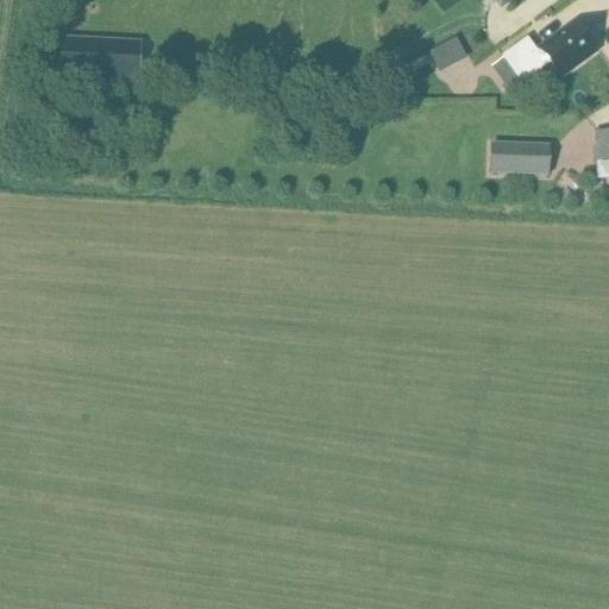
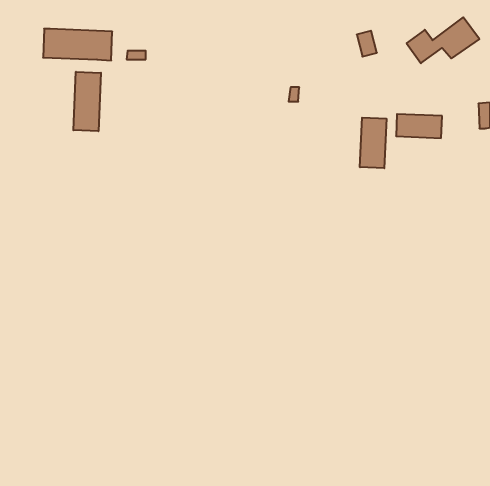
building: none -> [73,72,101,131]
building: none -> [360,118,386,168]

